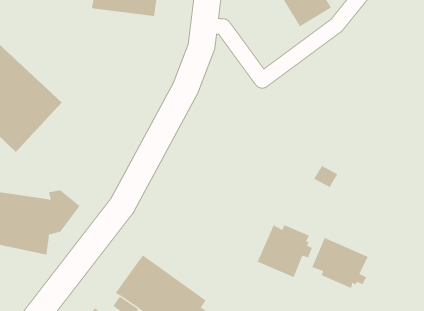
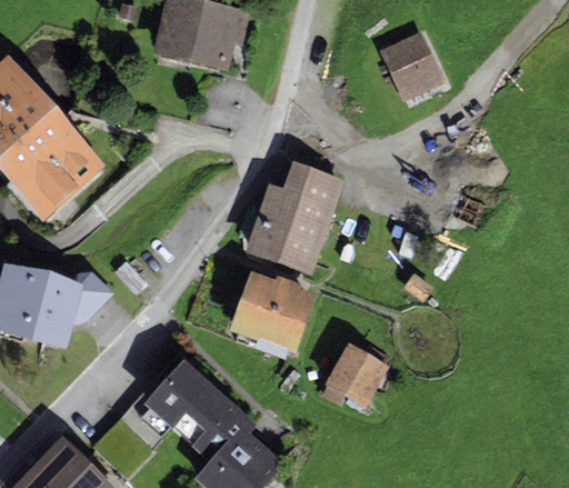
building: none -> [243,161,346,275]
building: none -> [227,269,318,358]
building: [311,237,369,289] -> none

